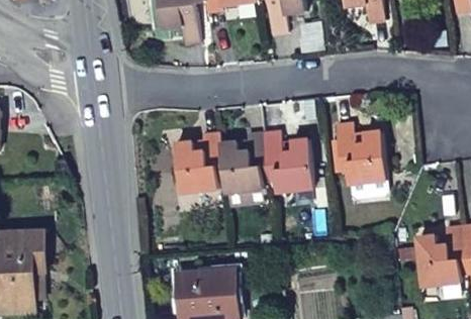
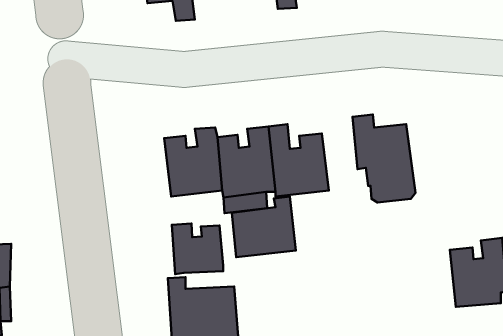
building: none -> [232,197,296,257]
building: none -> [172,224,223,274]

